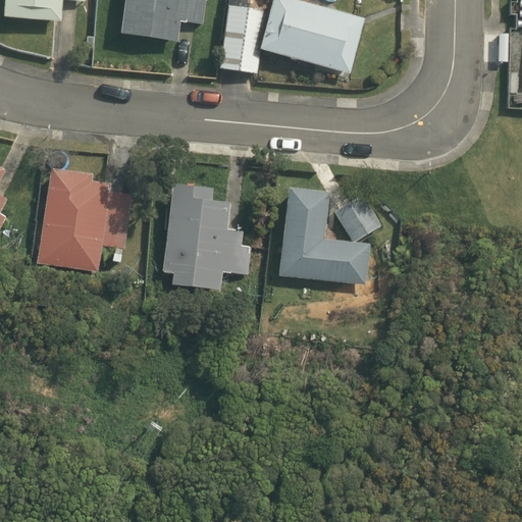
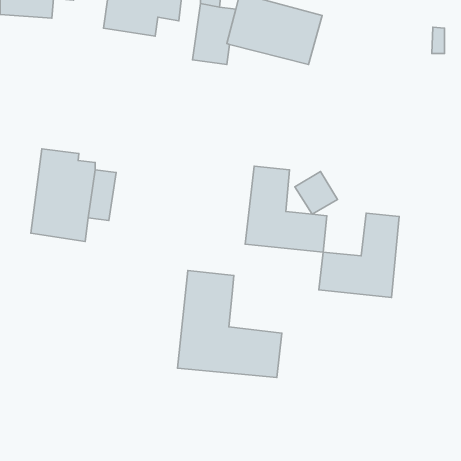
building: [162,184,253,289] -> none
building: none -> [319,213,399,297]
building: none -> [178,270,282,377]

